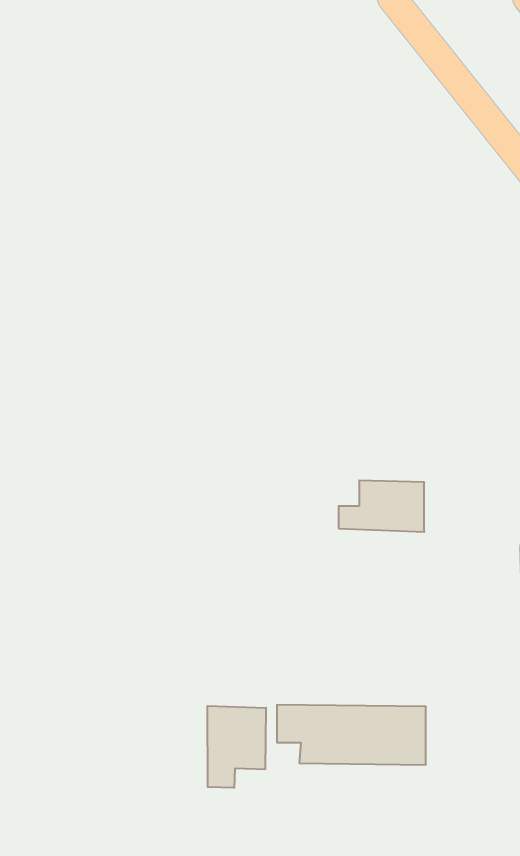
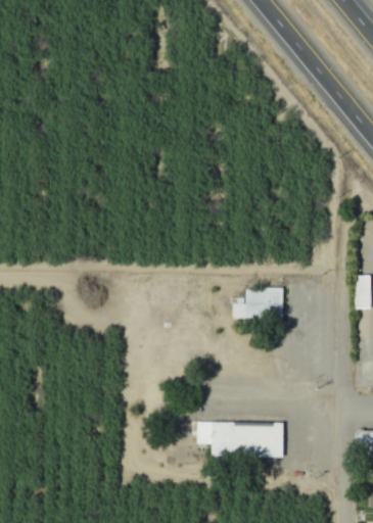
building: [207,706,266,788] -> none

